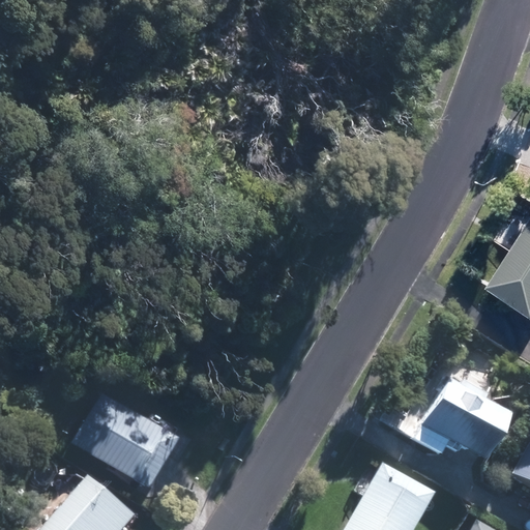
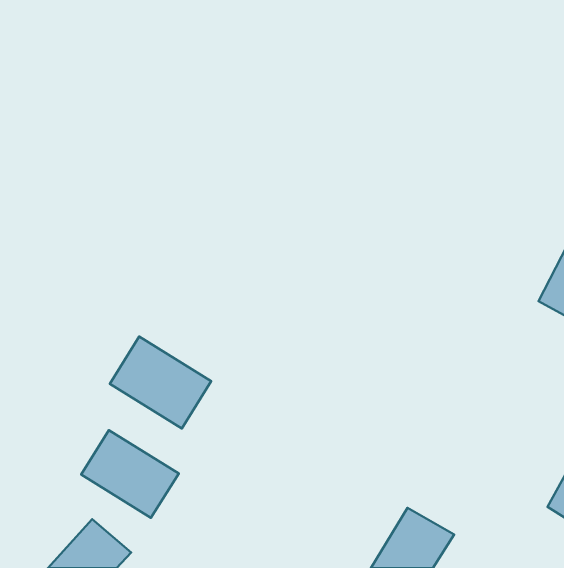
building: none -> [110,336,211,428]
building: [424,381,504,452] -> none

